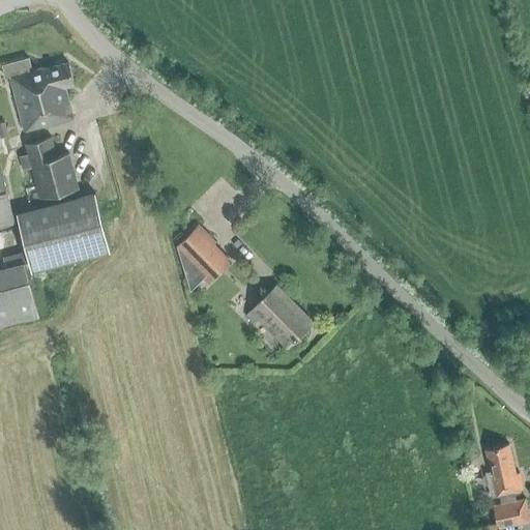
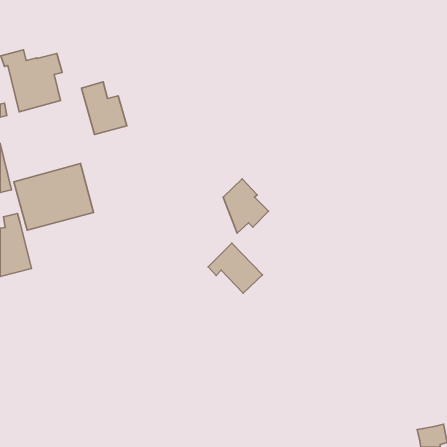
building: [24,138,78,200] -> [81,82,127,134]
building: [176,225,230,289] -> [223,179,269,233]
building: [485,446,523,507] -> none

